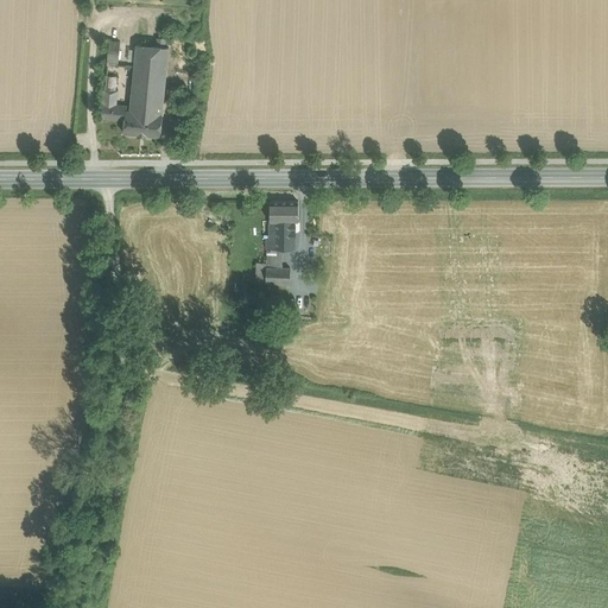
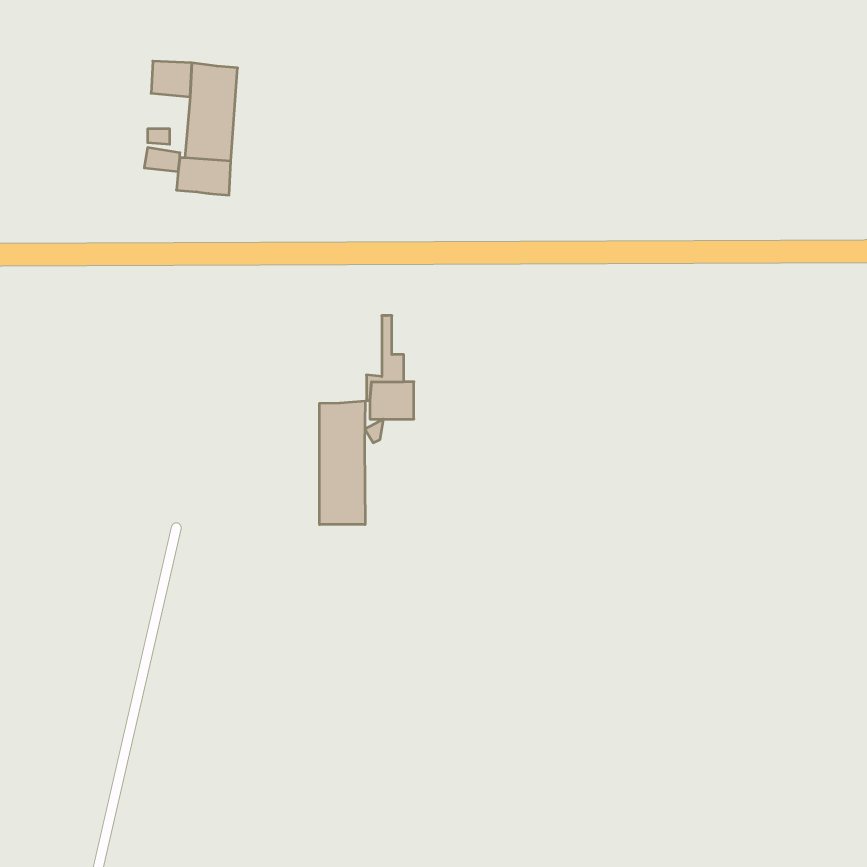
building: [270,201,298,248] -> none
building: none -> [320,401,365,525]

